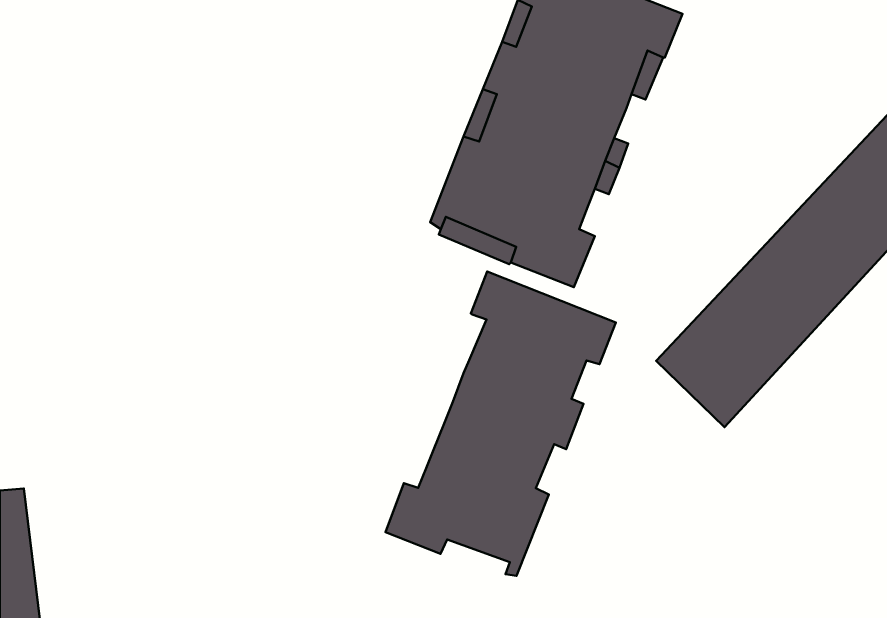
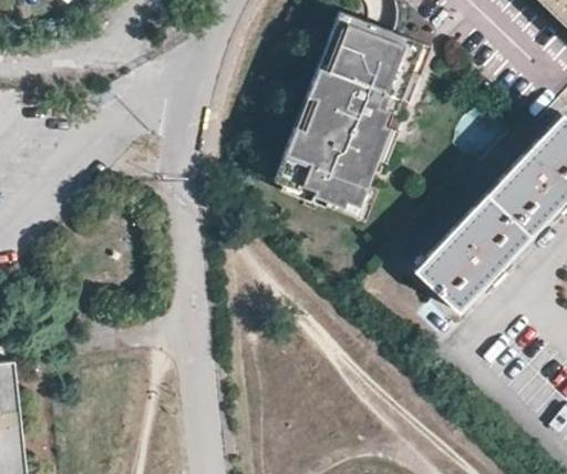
building: [386,272,616,576] -> none

